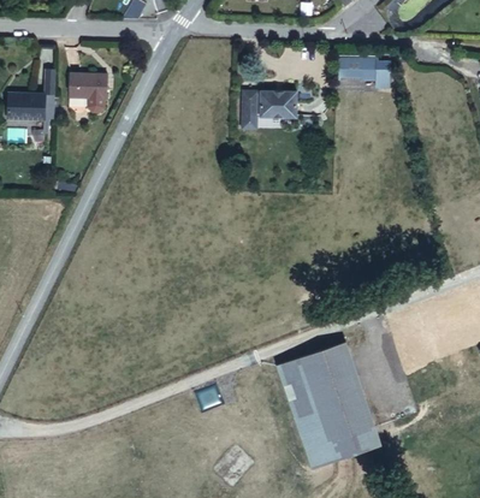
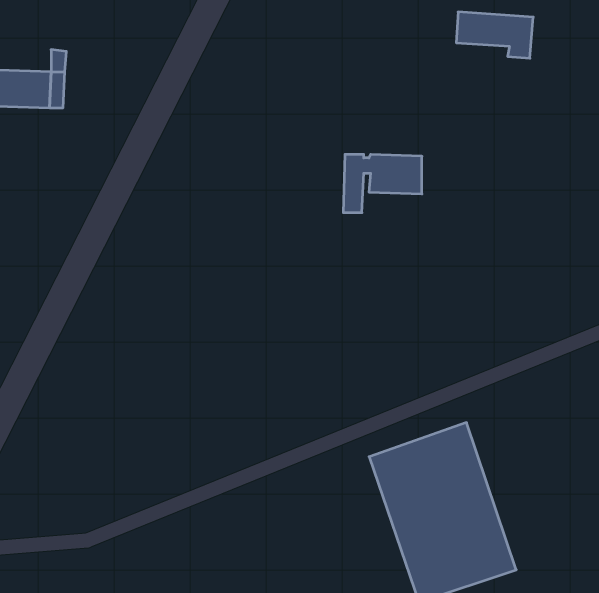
building: [76,73,115,113] -> none
building: [243,89,298,130] -> [343,154,422,213]

